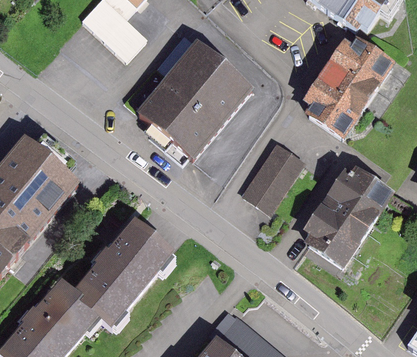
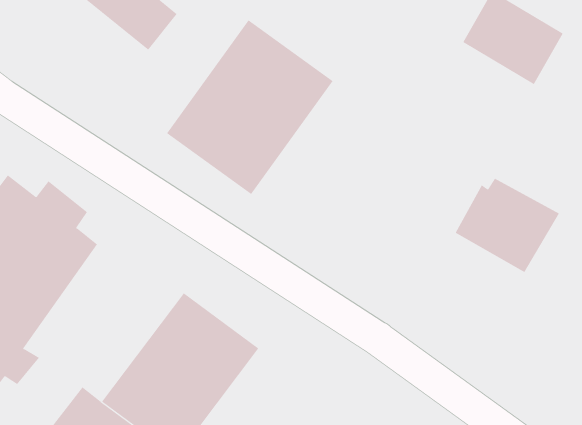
building: [309,66,380,134] -> none
building: [233,135,304,210] -> none
building: [294,193,365,262] -> none

